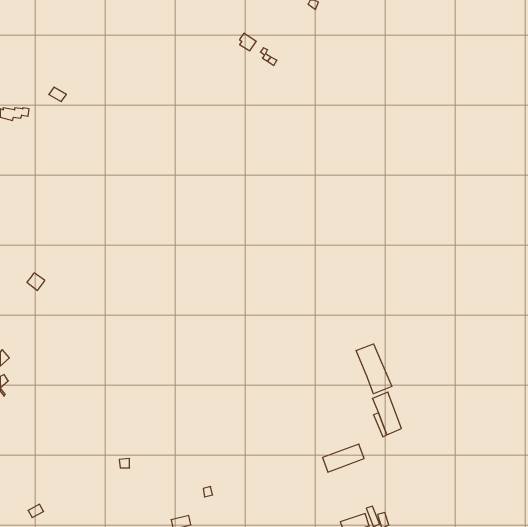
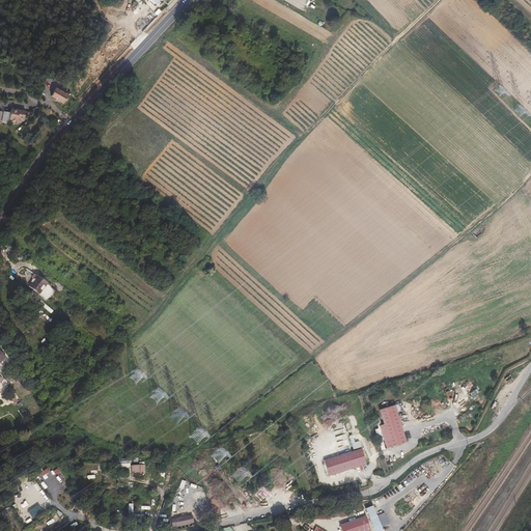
building: [356,344,392,394] -> none

